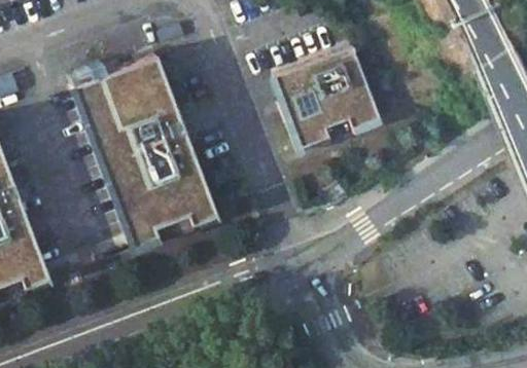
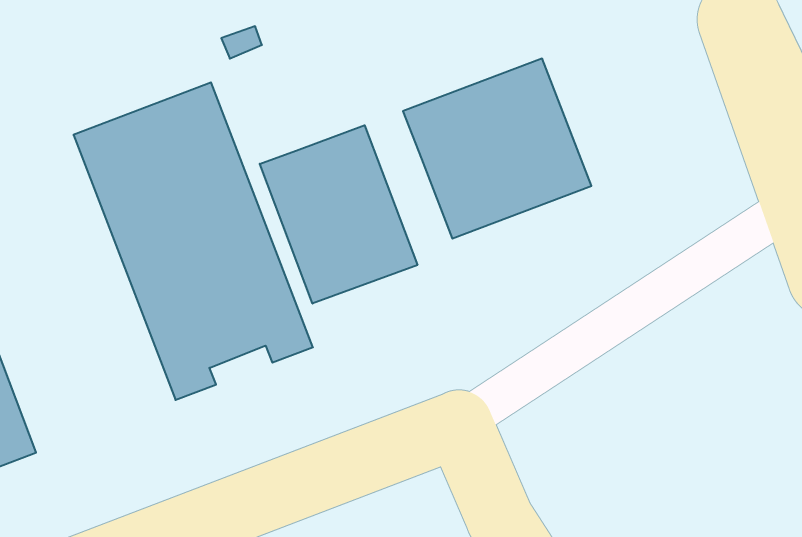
building: none -> [260,125,417,304]

